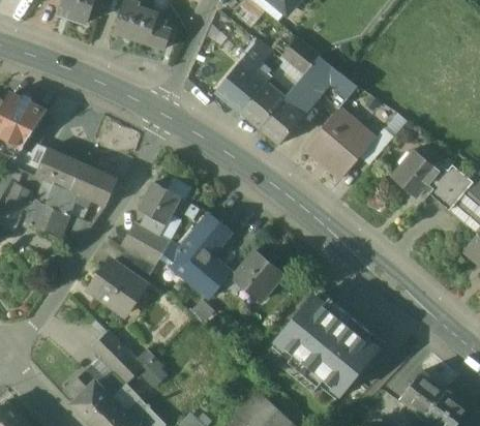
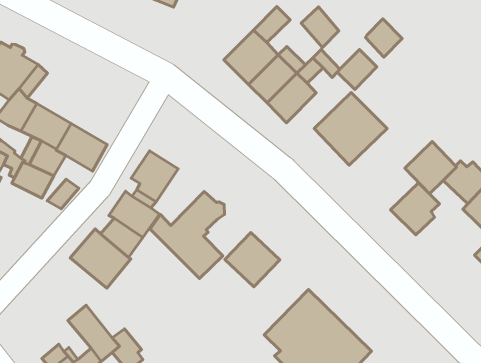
building: [305,56,339,91] -> [365,19,402,57]
building: none -> [390,183,439,235]

